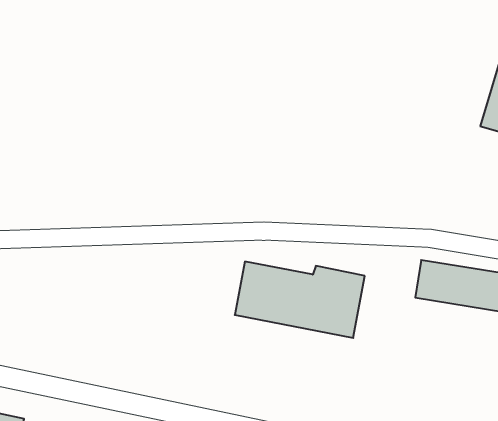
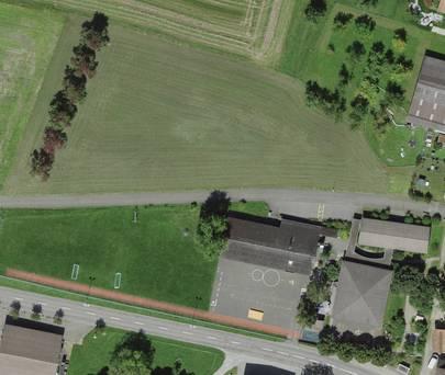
building: none -> [331,260,392,329]

